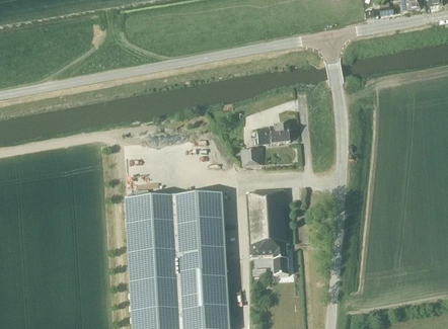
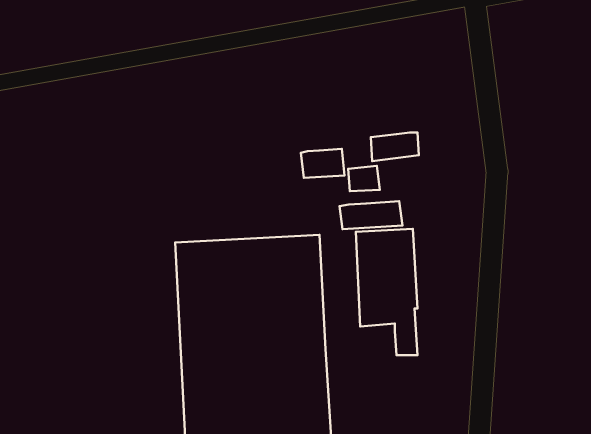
building: none -> [301,149,345,178]
building: none -> [339,201,403,229]

